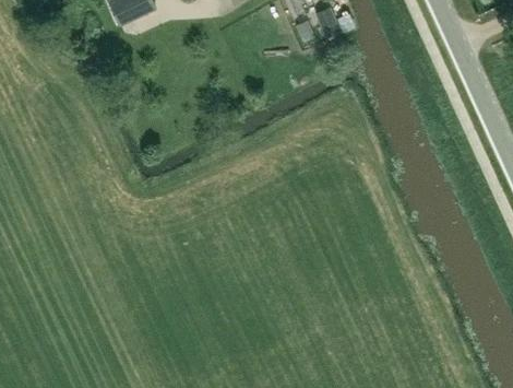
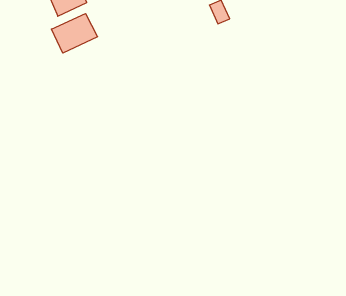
building: none -> [51,14,98,53]

